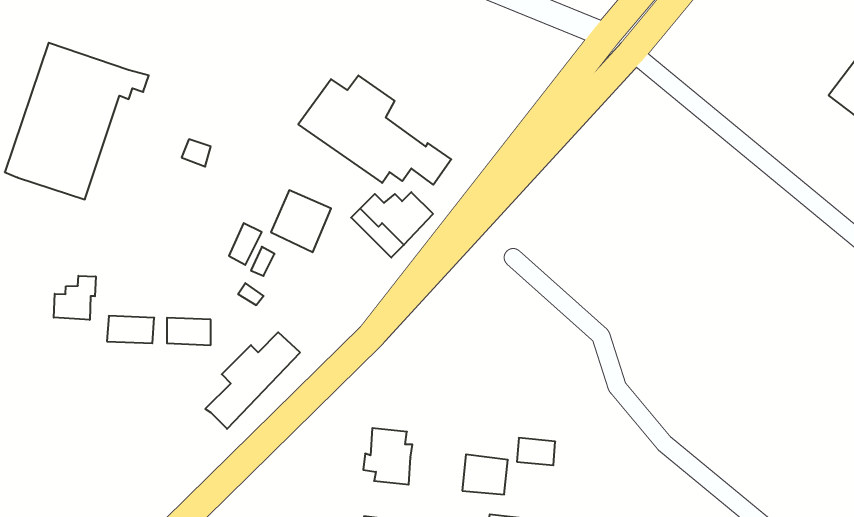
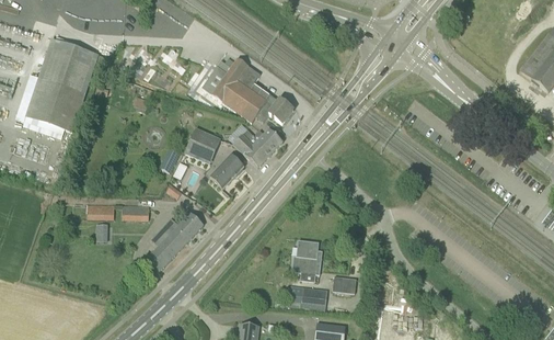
building: none -> [209,152,244,188]
building: [54,276,96,320] -> none
building: [363,428,412,485] -> [292,239,322,273]

